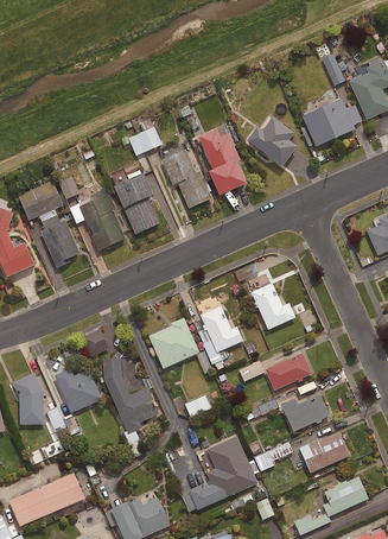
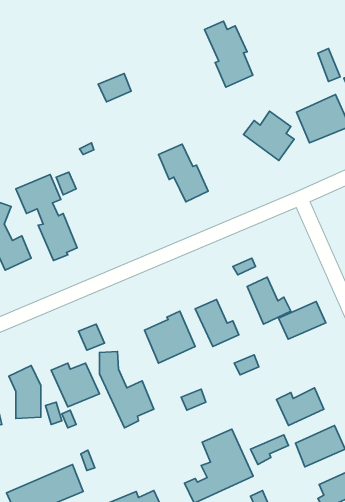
building: [128,127,161,156] -> [98,74,131,102]
building: [198,127,247,194] -> [205,21,253,87]
building: [114,171,160,233] -> none
building: [79,188,126,248] -> none
building: [265,353,312,391] -> [279,302,326,339]

